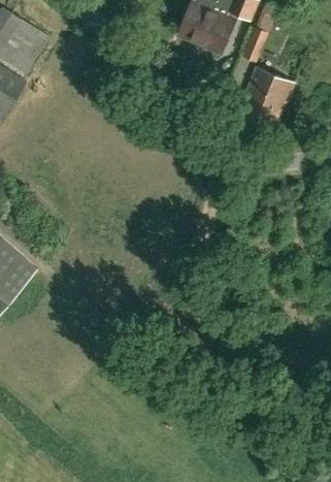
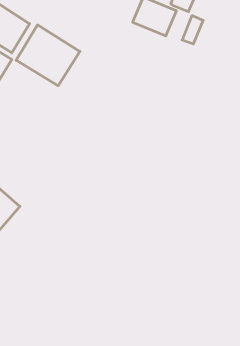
building: none -> [16,25,80,86]
building: [235,67,294,135] -> none

